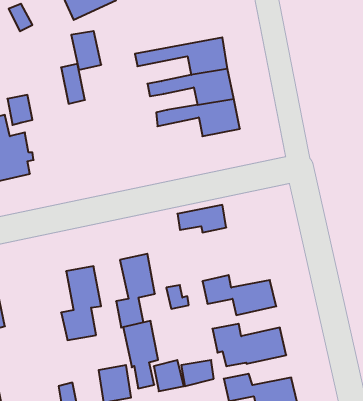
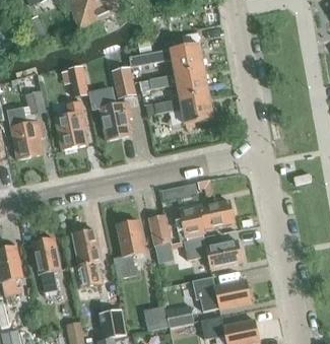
building: [71,31,101,70] -> [111,66,135,97]
building: none -> [98,100,132,140]
building: none -> [54,110,87,149]
building: none -> [180,199,234,228]
building: none -> [147,213,171,246]
building: [123,321,158,388] -> [31,236,60,291]

